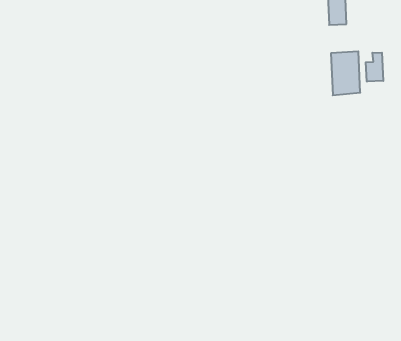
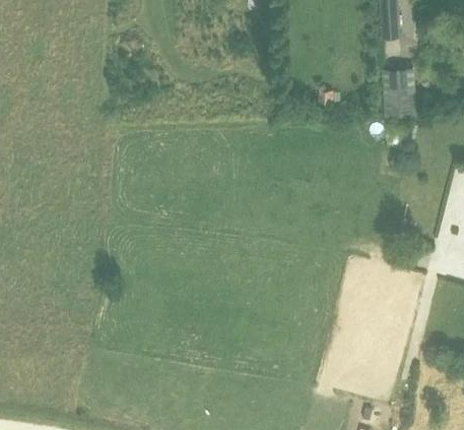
building: [366,53,383,82] -> none

